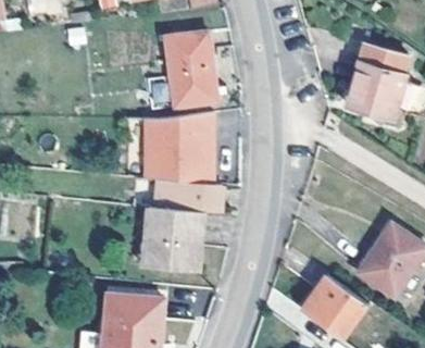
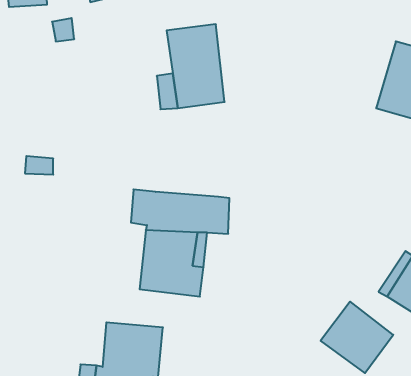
building: [155,112,212,185] -> none

